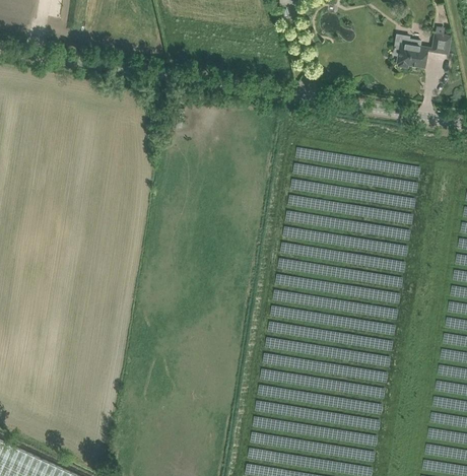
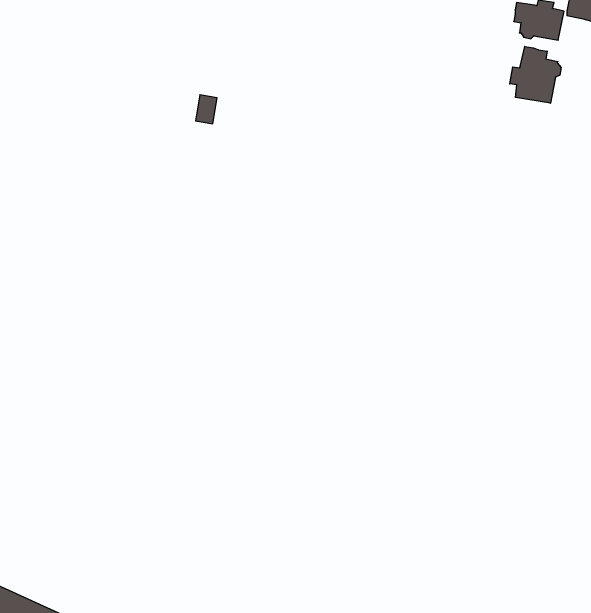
building: none -> [510,46,561,103]

